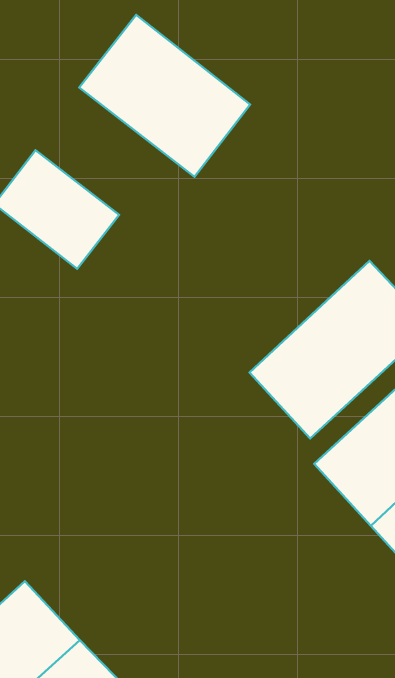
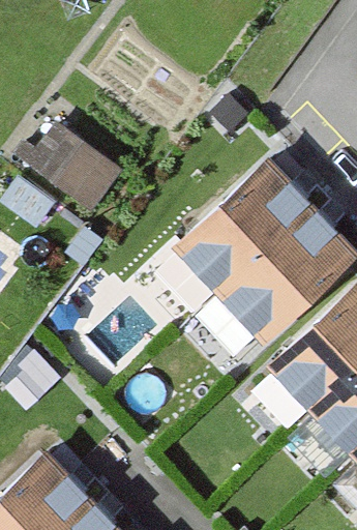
building: [79,15,250,177] -> none
building: none -> [174,159,311,293]

